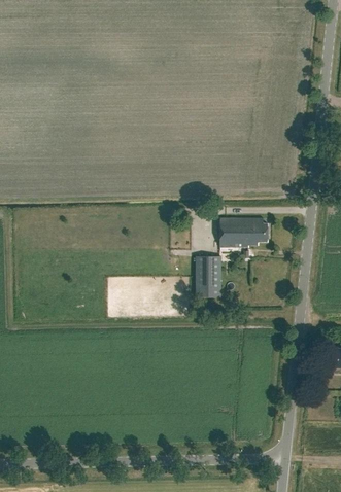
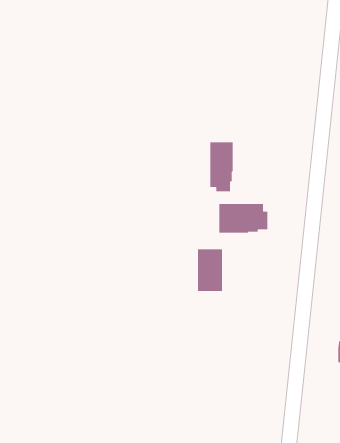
building: none -> [210,141,233,192]

